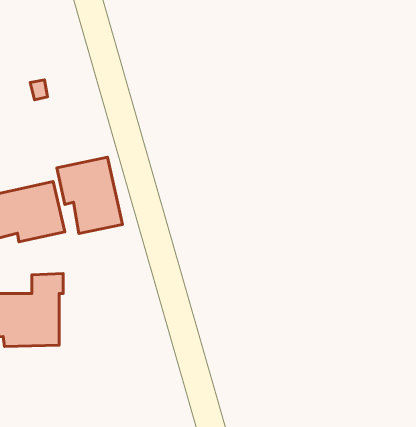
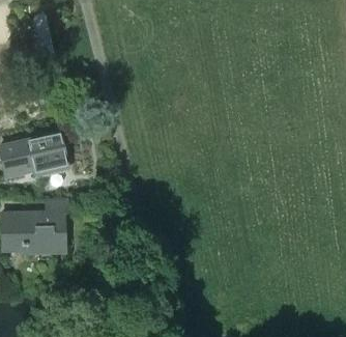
building: [57,157,122,234] -> none

